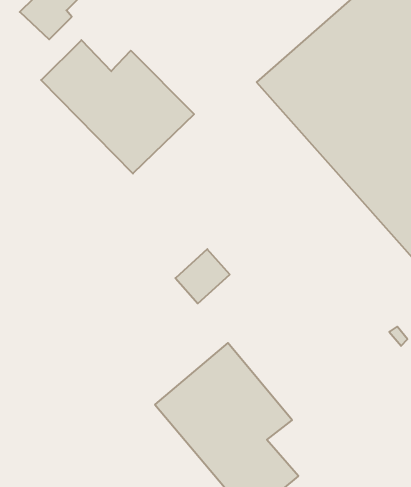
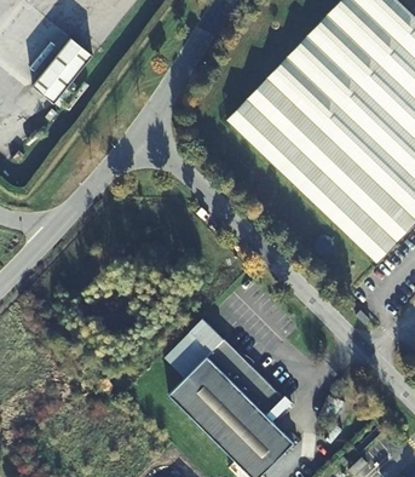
building: [41,40,194,174] -> none
building: [175,249,230,303] -> [166,331,211,377]

